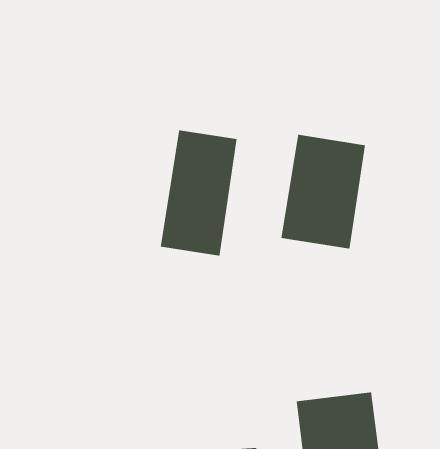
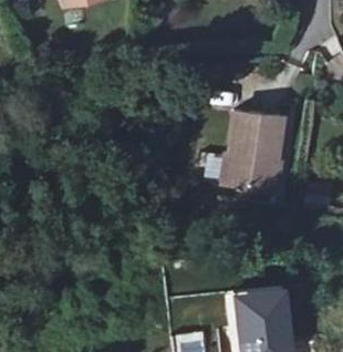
building: [160,130,237,256] -> none

